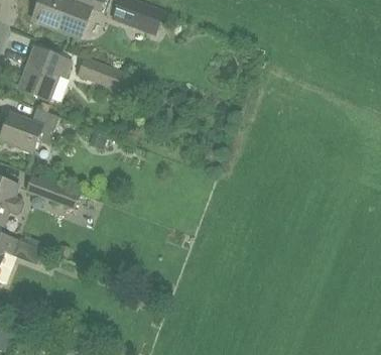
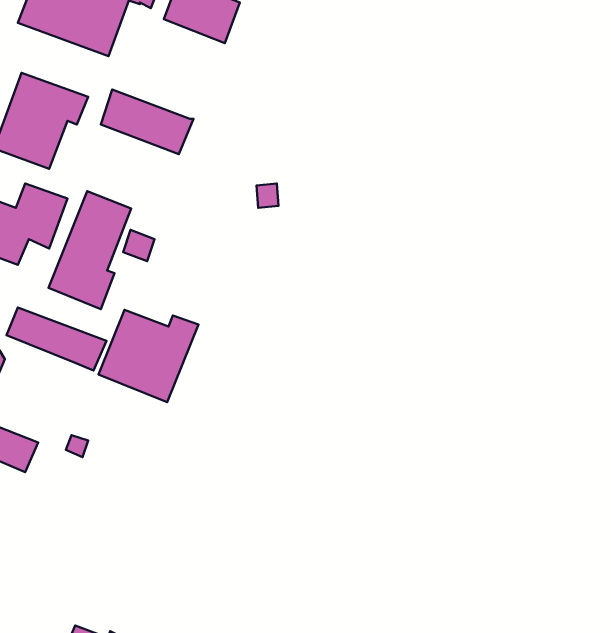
building: none -> [48,191,131,309]
building: none -> [99,310,198,402]

